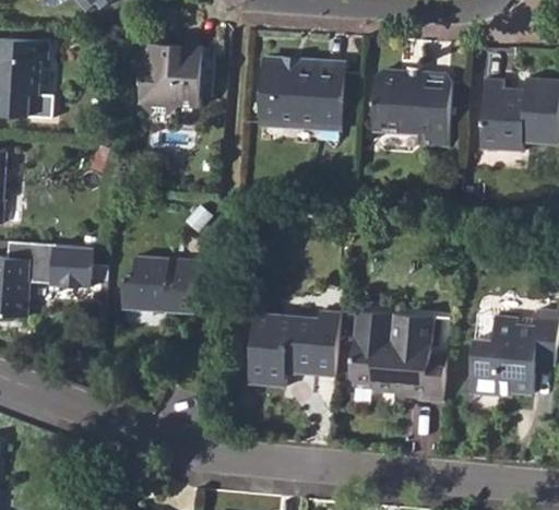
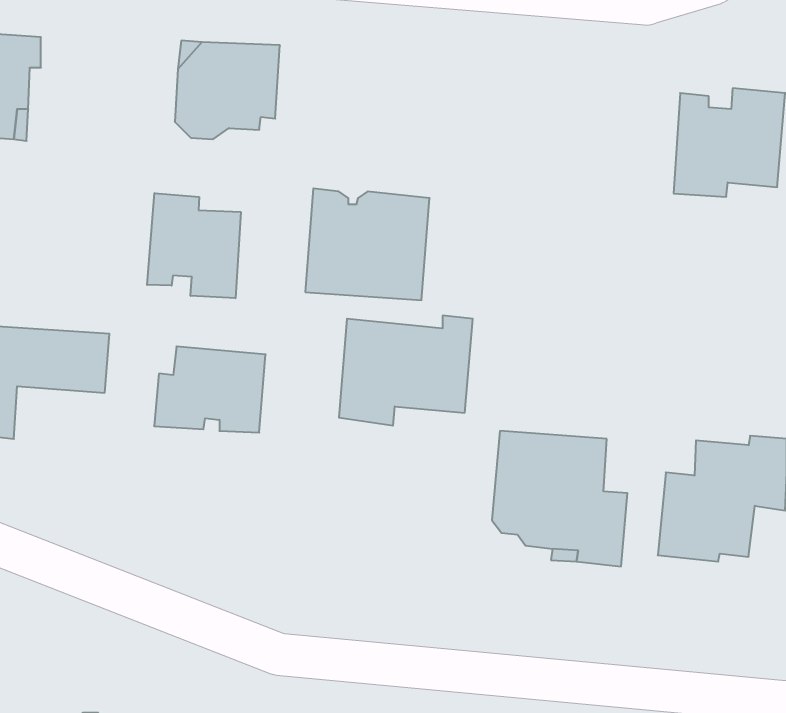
building: [258,55,343,131] -> [305,188,430,300]
building: [371,70,448,146] -> none
building: none -> [147,193,241,298]
building: [251,310,343,386] -> [339,316,473,426]

